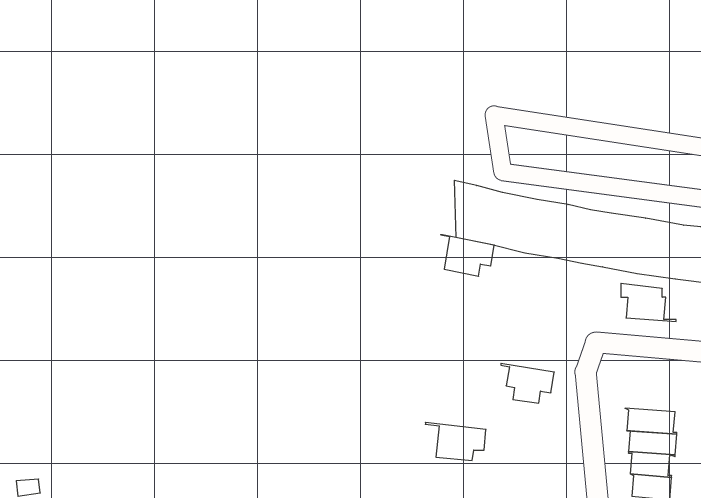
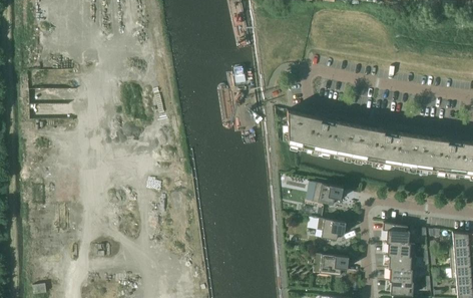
building: [441,235,494,276] -> [312,181,343,205]
building: [621,283,676,321] -> [384,222,416,244]
building: [425,422,486,460] -> [314,252,349,274]

